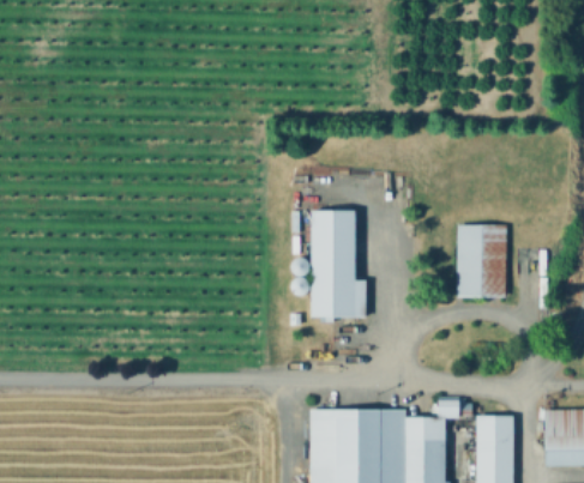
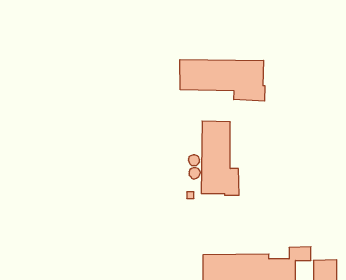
building: none -> [180,60,265,101]
building: [456,225,506,300] -> none

